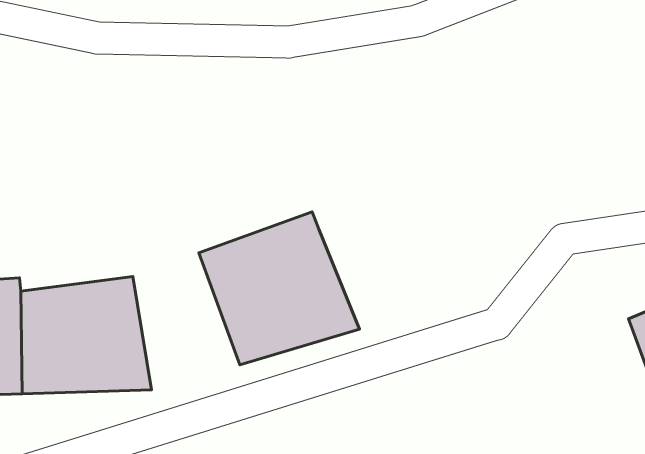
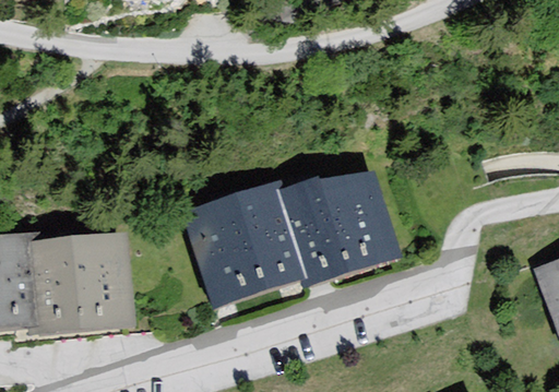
building: none -> [280,170,405,280]

